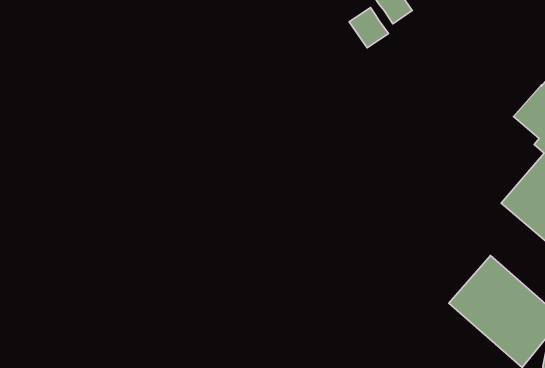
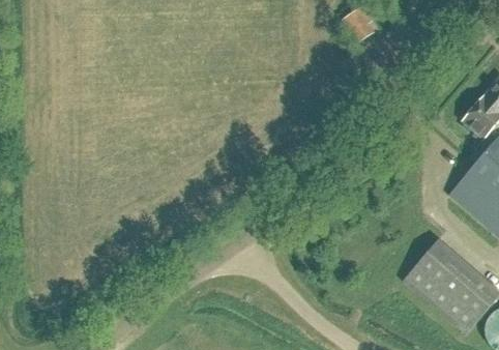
building: [349,7,388,48] -> none

